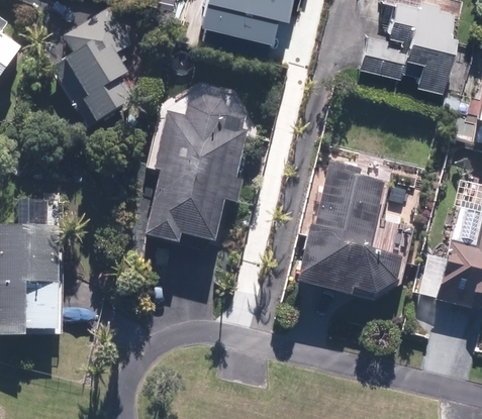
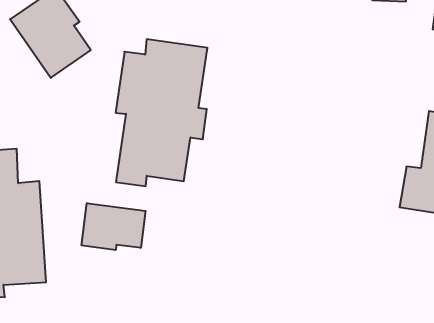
building: [296,141,395,296] -> none
building: none -> [82,203,146,250]

